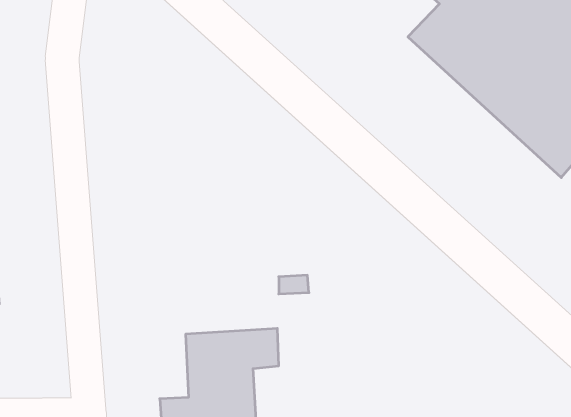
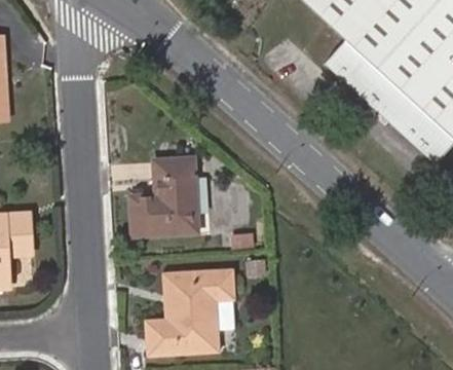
building: none -> [131,160,198,235]

